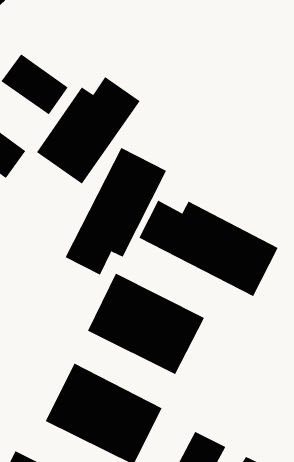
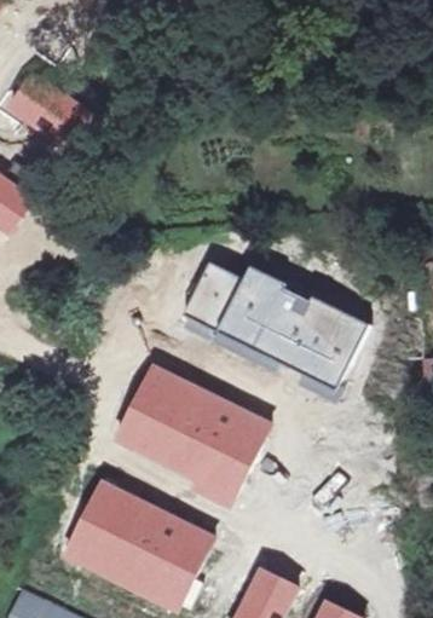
building: [36,76,140,185] -> none
building: [65,147,167,275] -> none

